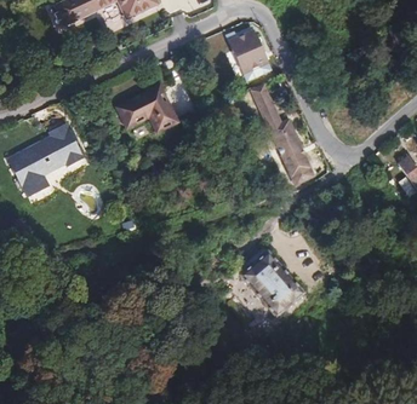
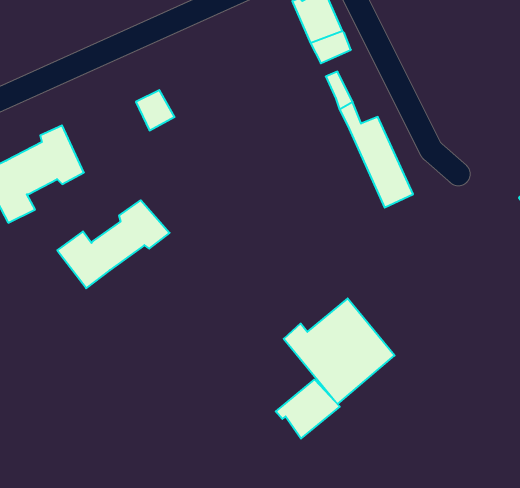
building: [133,90,177,133] -> none
building: none -> [57,200,170,288]
building: none -> [276,380,340,439]

